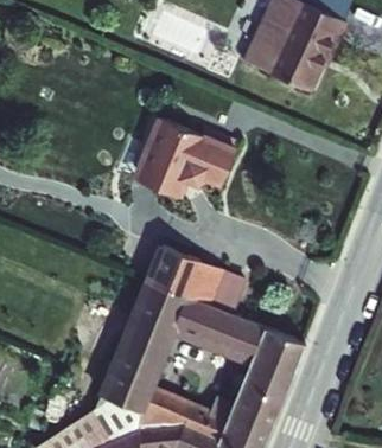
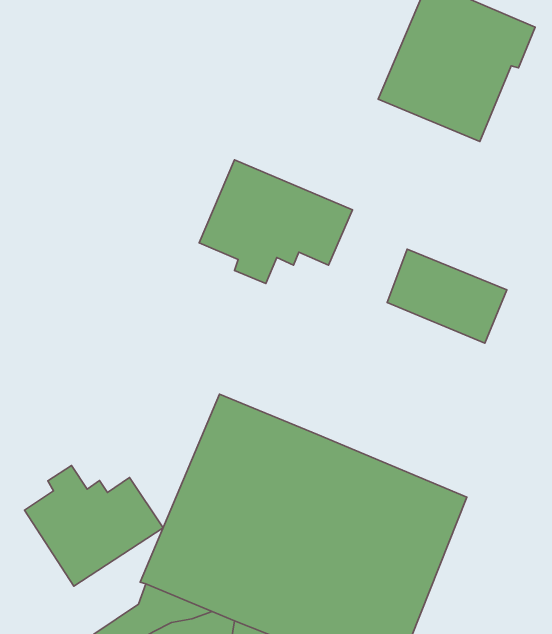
building: [148,236,225,296] -> [387,249,507,343]
building: none -> [24,466,163,586]

